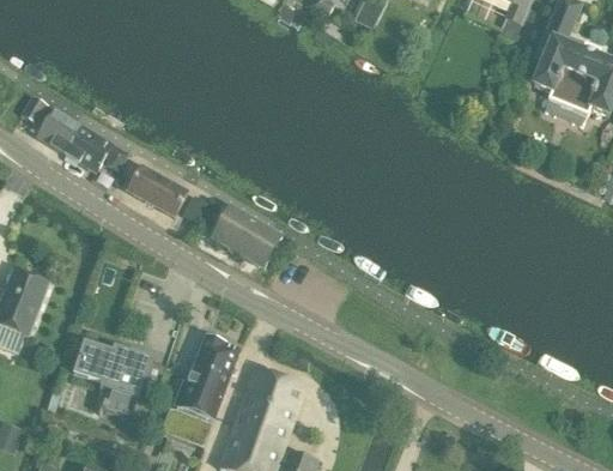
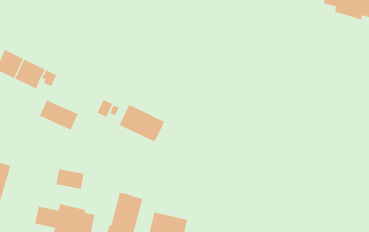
building: [128,167,187,216] -> [39,100,79,131]
building: none -> [56,168,84,190]

